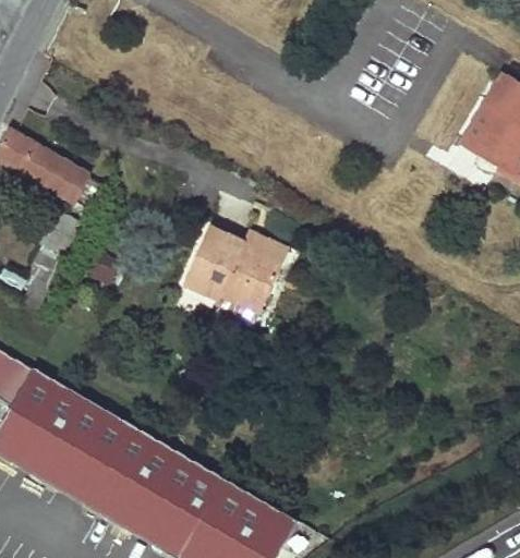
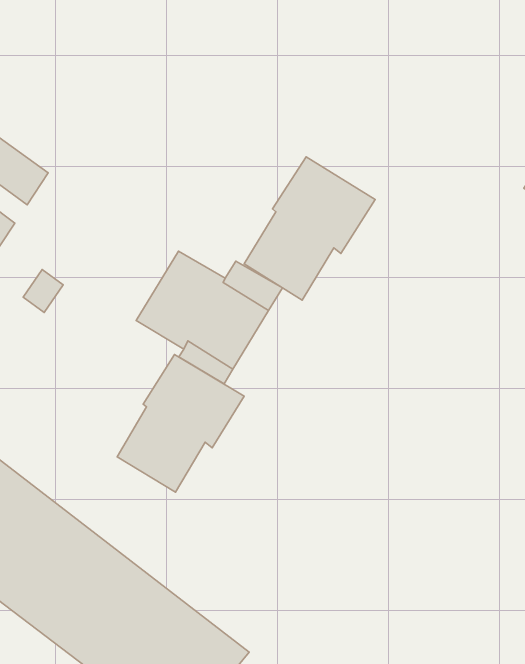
building: none -> [244,157,375,300]
building: none -> [117,354,244,492]

